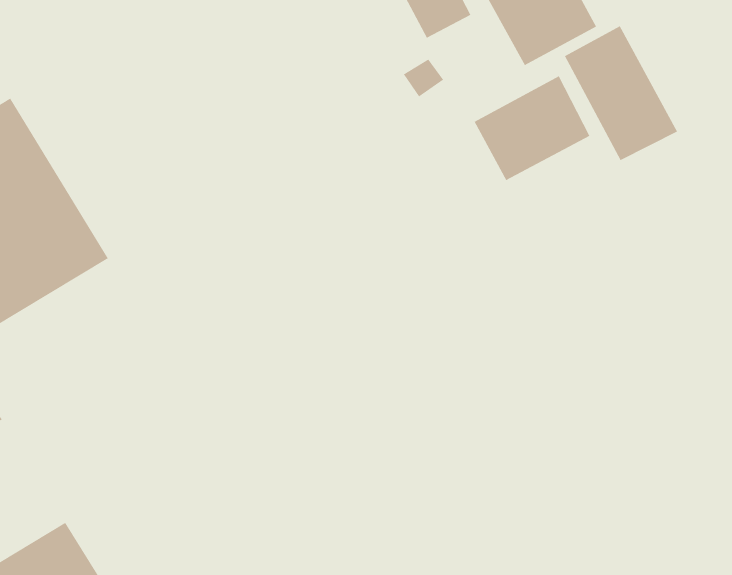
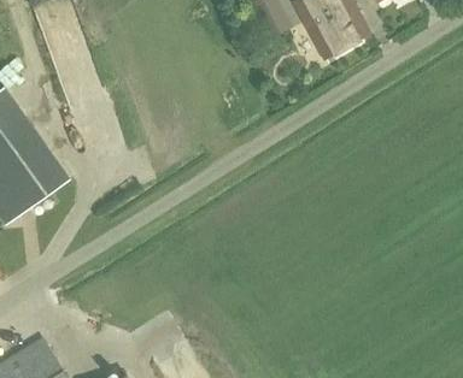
building: [564,25,678,161] -> none
building: [473,75,590,181] -> none

